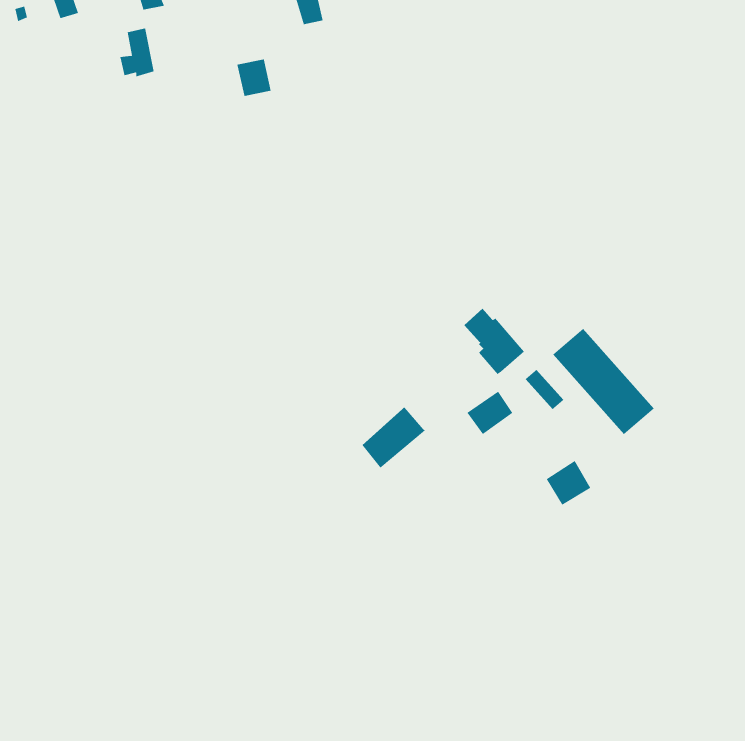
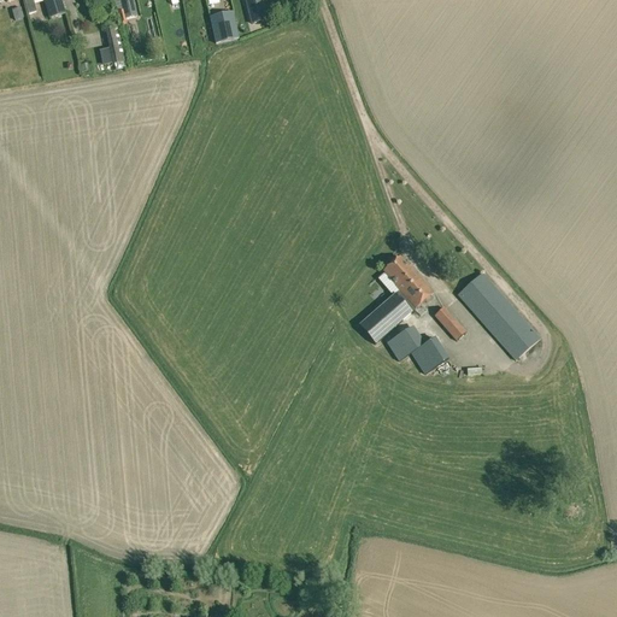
building: [237,59,272,97] -> [210,10,239,41]
building: [361,406,425,468] -> [359,290,412,342]
building: [546,460,591,505] -> [412,335,449,372]

